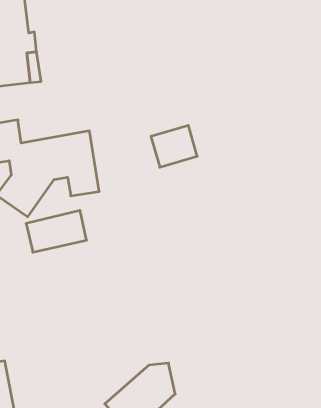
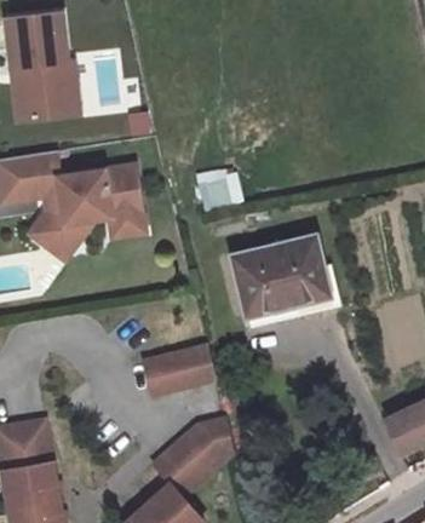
building: none -> [241,251,337,328]
building: [26,210,87,252] -> [144,344,211,390]

